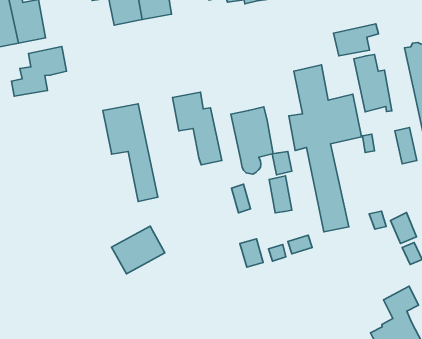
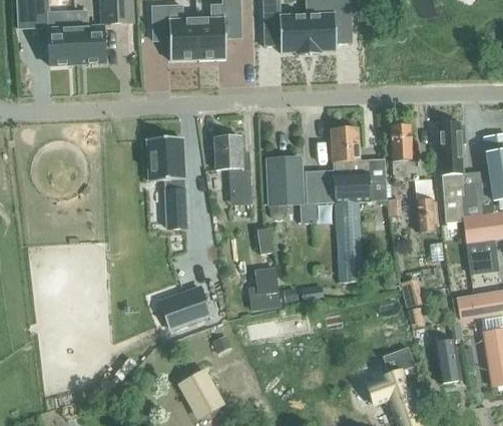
building: [334,24,379,56] -> none
building: [12,47,66,96] -> none
building: [269,176,292,213] -> [305,169,322,202]
building: [112,226,165,274] -> [160,287,209,328]

